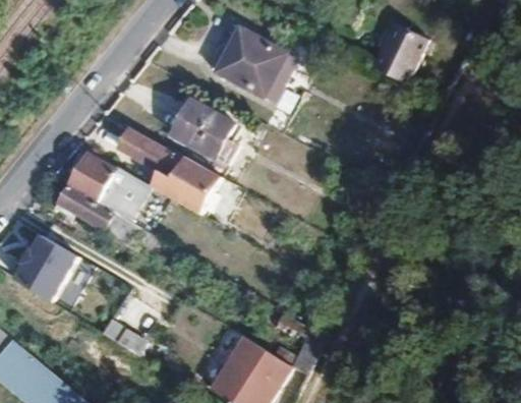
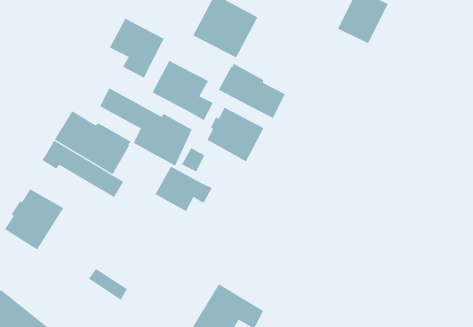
building: none -> [109,18,164,79]
building: none -> [218,63,286,119]
building: none -> [207,107,264,162]
building: none -> [155,166,212,212]

